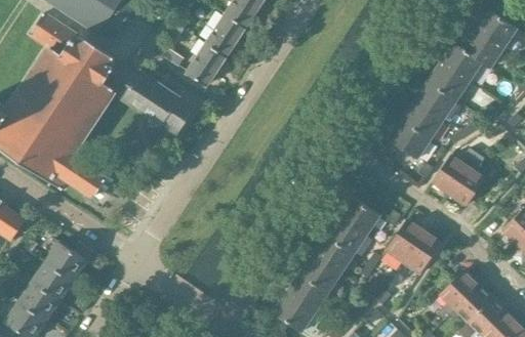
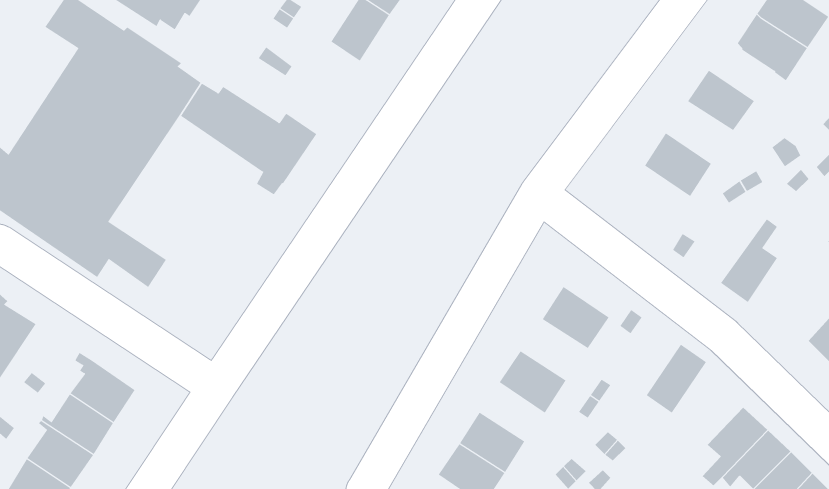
building: [441,42,482,81] -> none
building: [186,44,225,86] -> none
building: [414,81,456,120] -> none
building: [388,121,430,159] -> none
building: [432,149,477,194] -> none
building: [324,216,366,254] -> none
building: [385,219,423,263] -> none
building: [298,255,339,292] -> none

